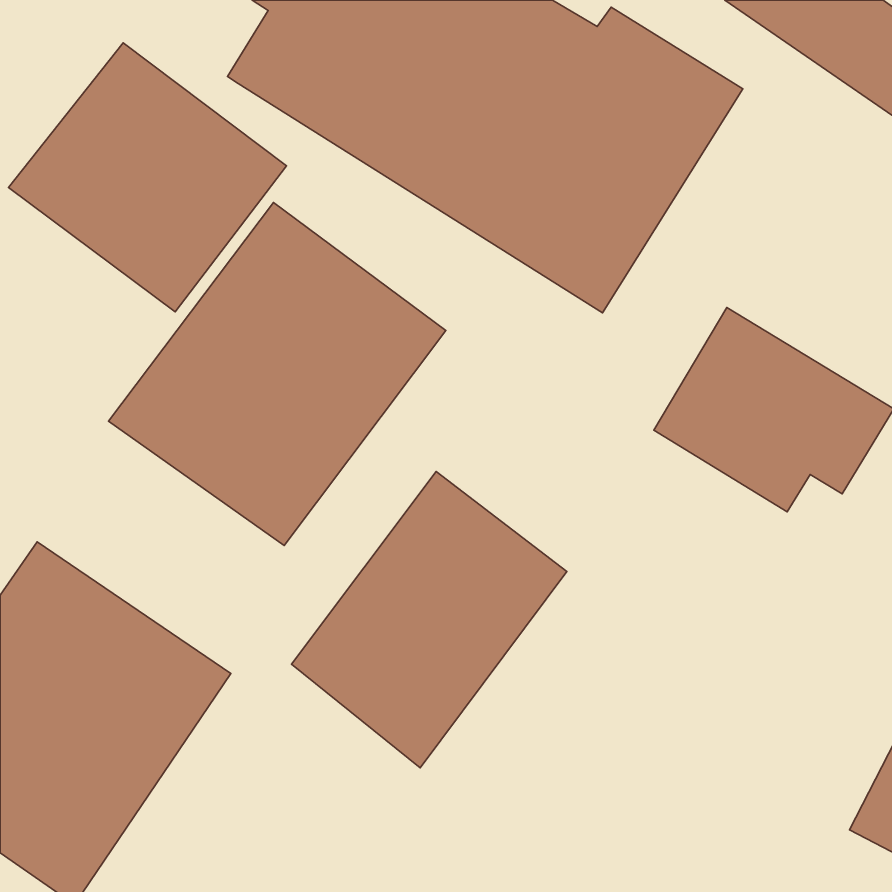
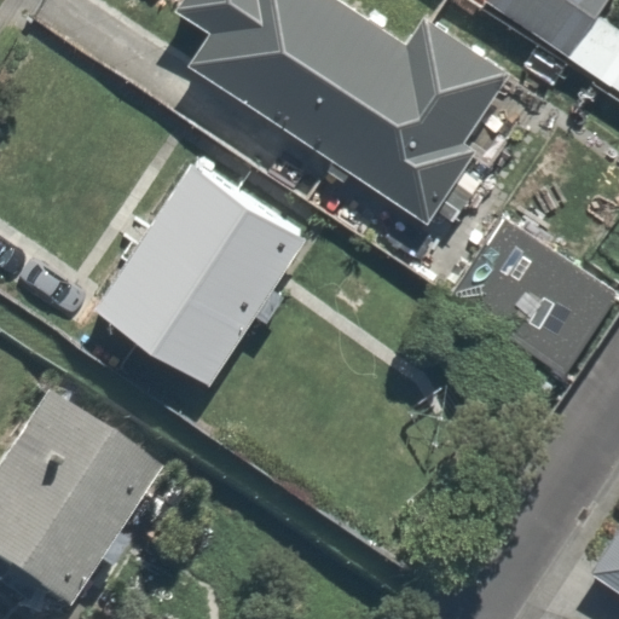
building: [8,43,286,312] -> none
building: [291,472,567,768] -> none

